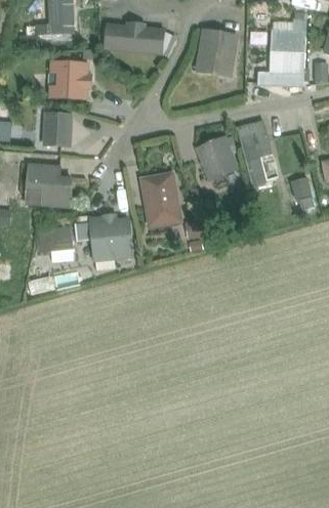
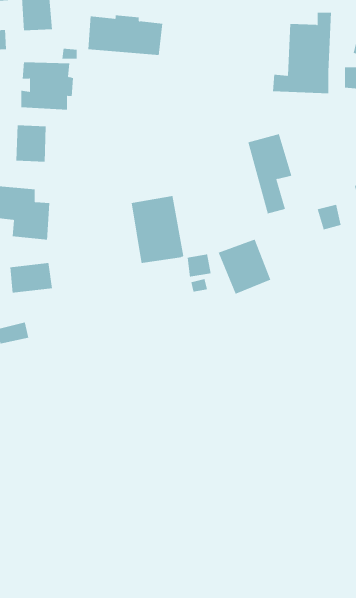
building: [195,28,239,77] -> none
building: [195,135,239,181] -> [218,239,271,295]
building: [76,213,133,262] -> none

